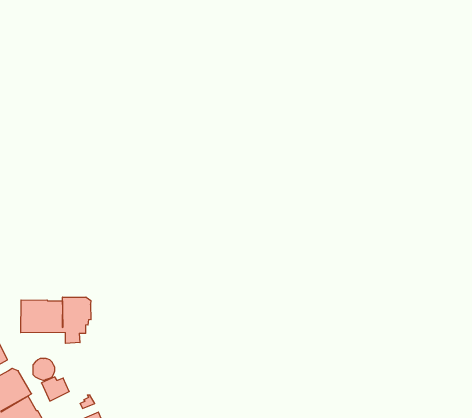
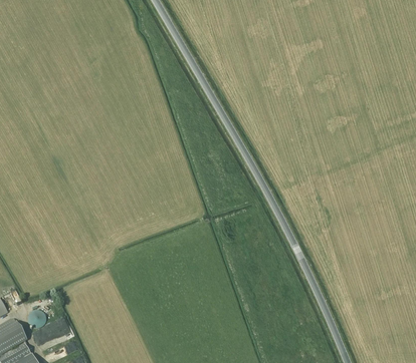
building: [21,297,91,343] -> none

